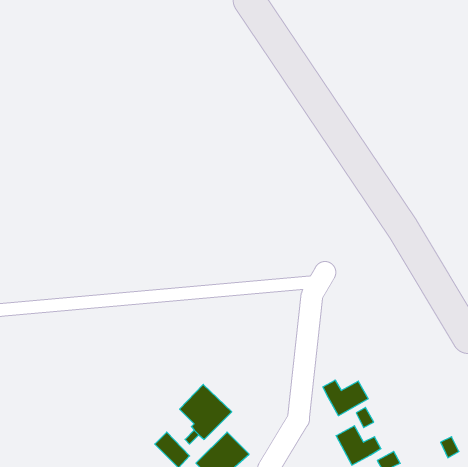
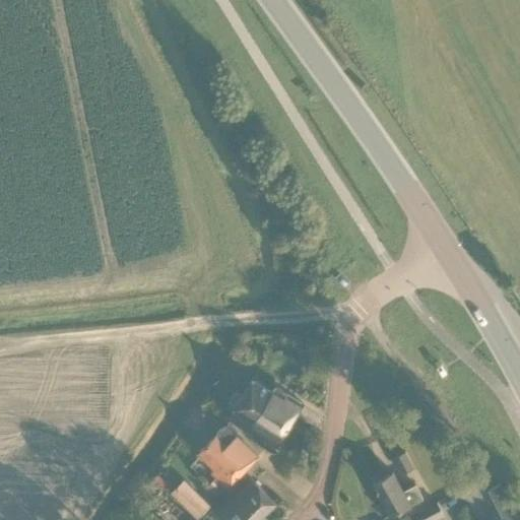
building: none -> [231,380,304,447]
building: [323,380,368,416] -> none

